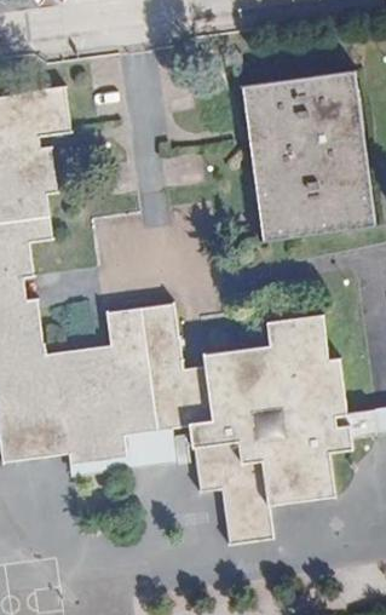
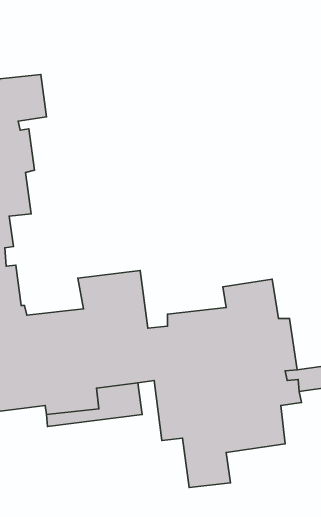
building: [248,71,367,240] -> none

